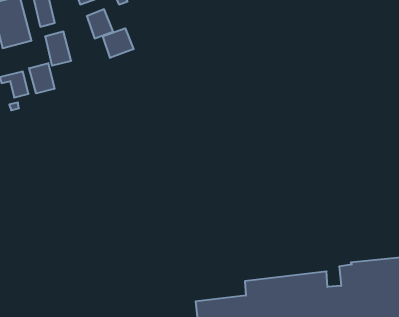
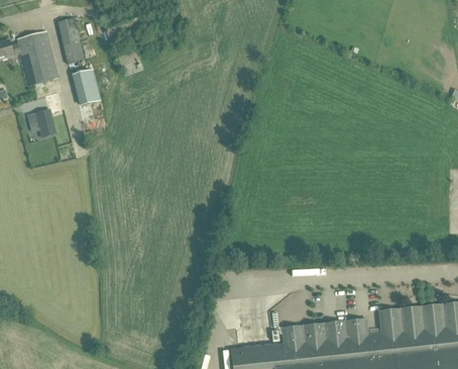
building: [103,28,134,58] -> none
building: [29,63,54,93] -> none

